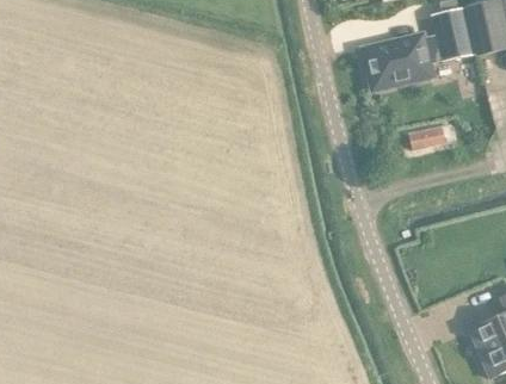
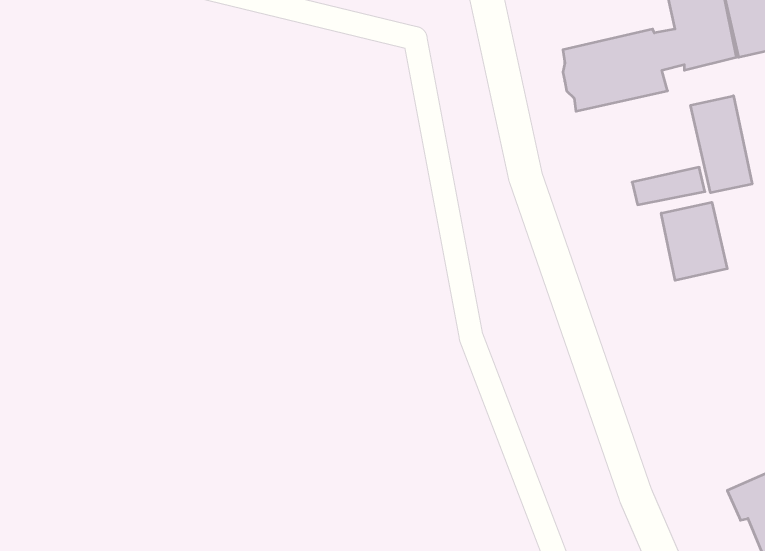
building: none -> [691,96,752,193]
building: none -> [661,202,727,280]

